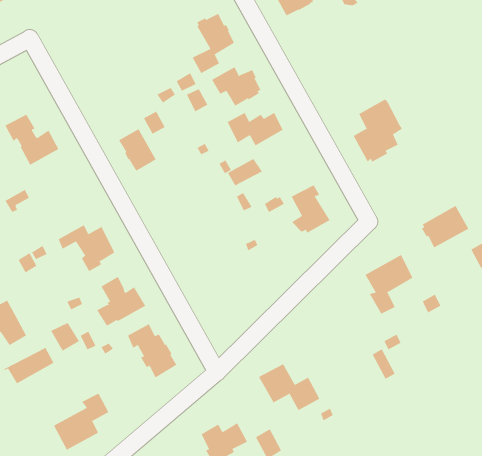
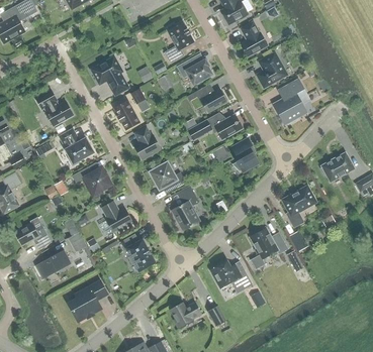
building: none -> [241,21,267,55]
building: none -> [257,52,287,87]
building: none -> [93,56,127,94]
building: none -> [214,114,242,139]
building: none -> [134,127,160,158]
building: none -> [59,128,94,165]
building: none -> [149,161,185,190]
building: none -> [171,186,199,230]
building: none -> [250,228,287,269]

